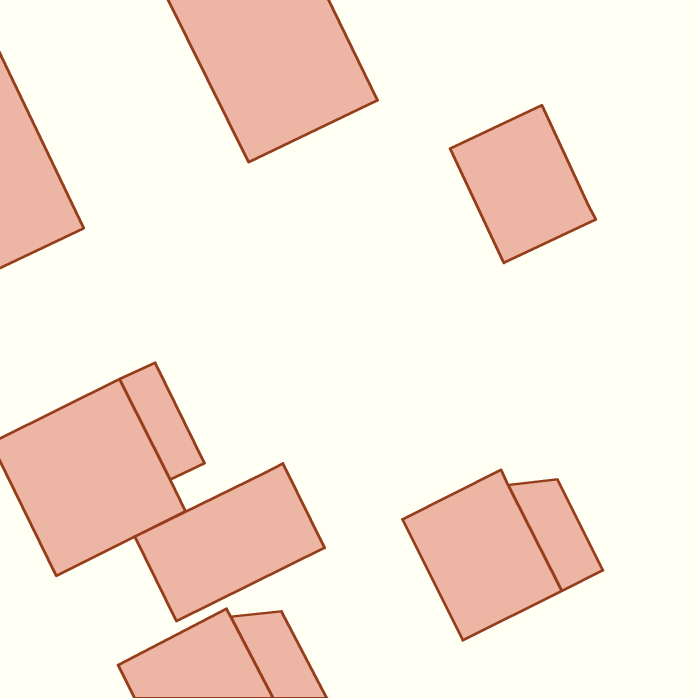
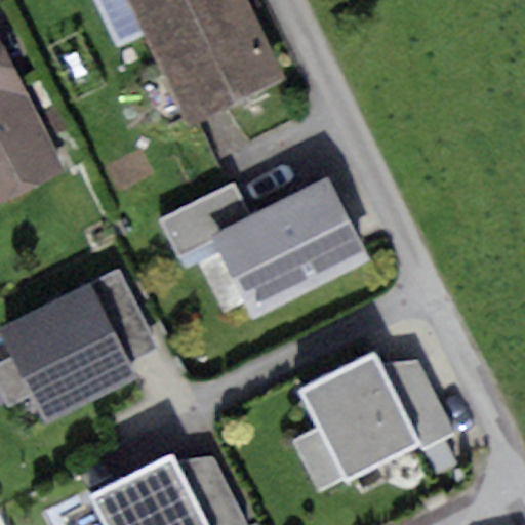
building: [450,105,596,263] -> none
building: none -> [163,187,356,311]
building: [135,463,325,621] -> none

